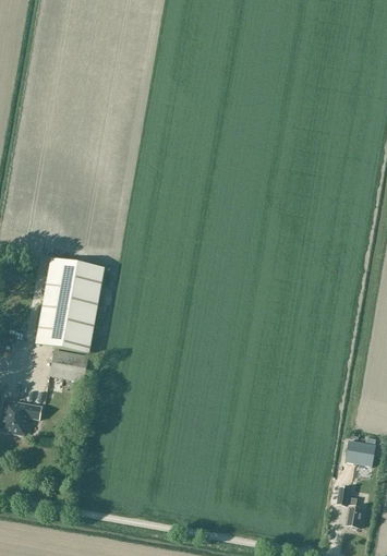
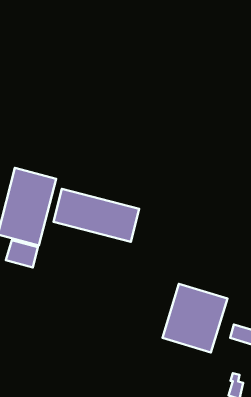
building: none -> [53,189,139,242]
building: none -> [162,284,227,353]

